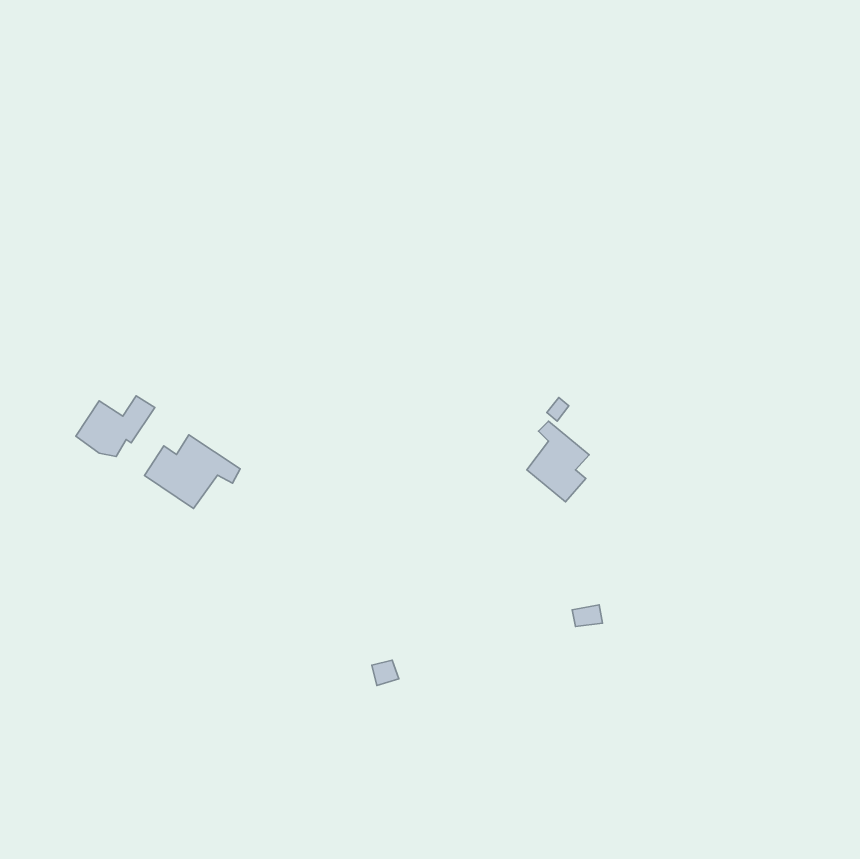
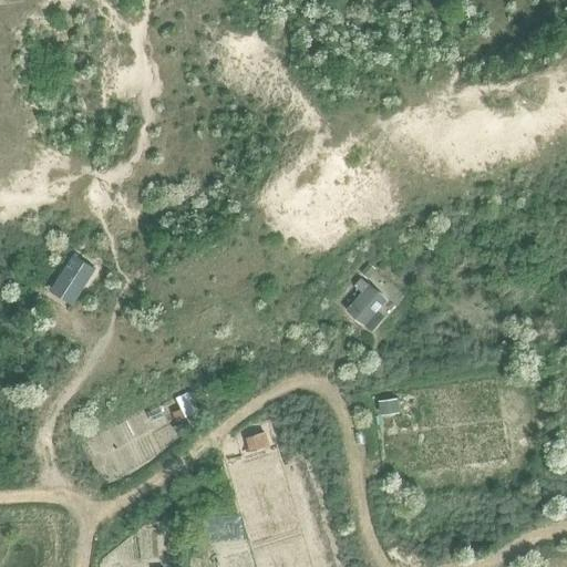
building: [145,435,240,508] -> none

